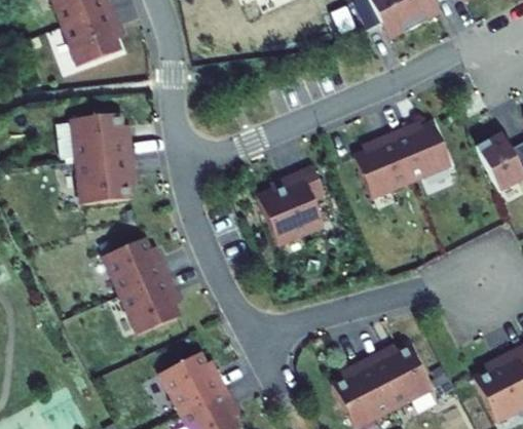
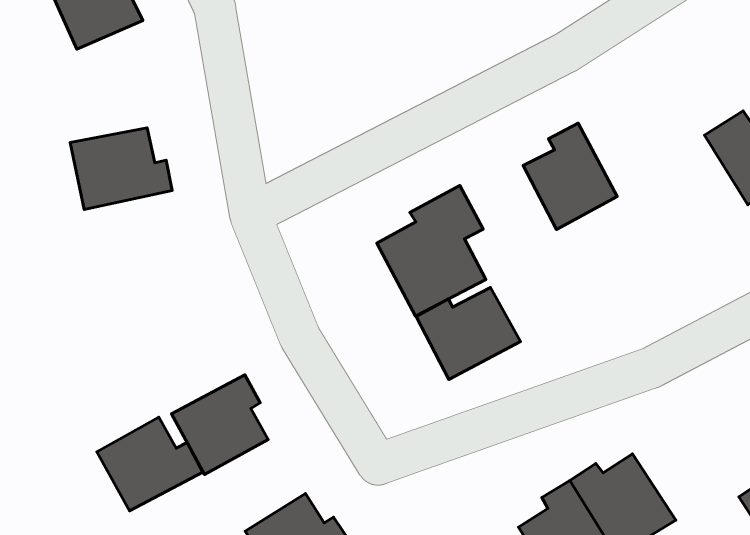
building: [391,122,452,181] -> none
building: [75,153,134,203] -> none
building: none -> [416,288,521,380]
building: [102,236,167,294] -> [97,417,203,511]

